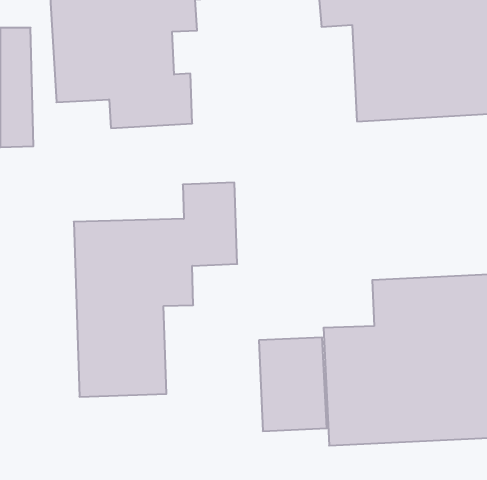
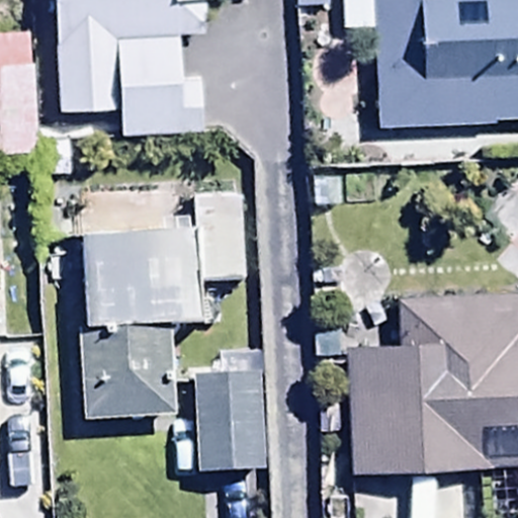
building: [259,337,327,431] -> [194,373,266,472]

